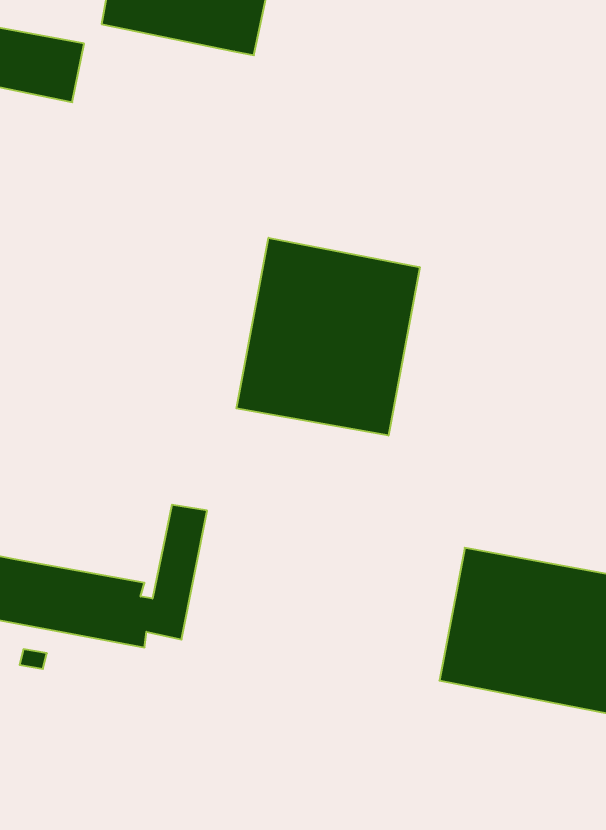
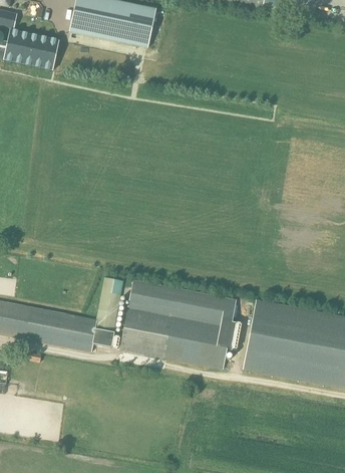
building: [236,238,420,436] -> none
building: none -> [120,279,243,368]

